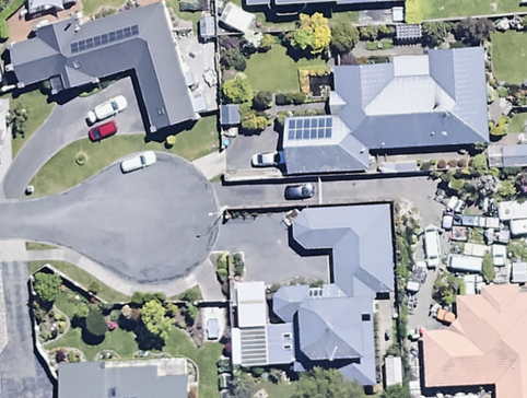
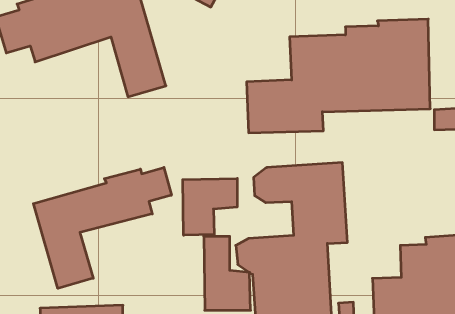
building: none -> [33,167,171,288]
building: none -> [183,178,237,235]

